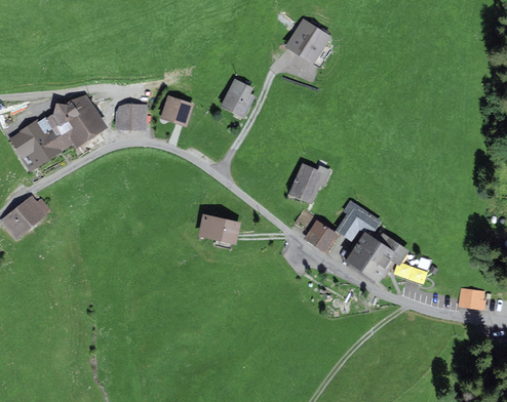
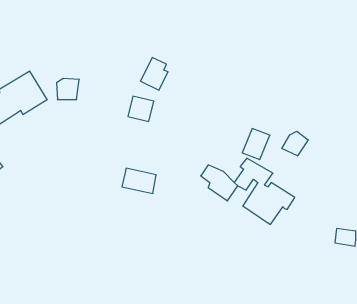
building: [284,19,330,66] -> none
building: [160,95,192,126] -> [128,96,154,121]
building: [288,163,322,201] -> [242,129,270,160]
building: none -> [282,131,308,156]

